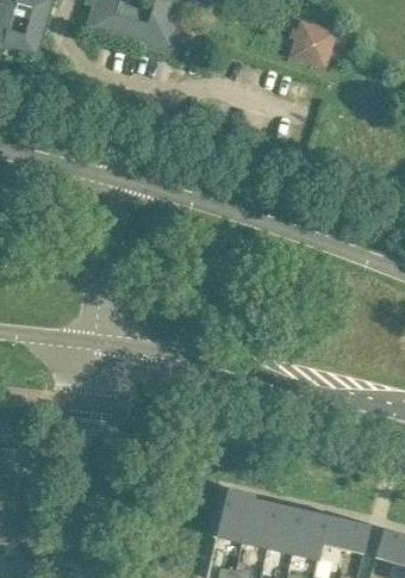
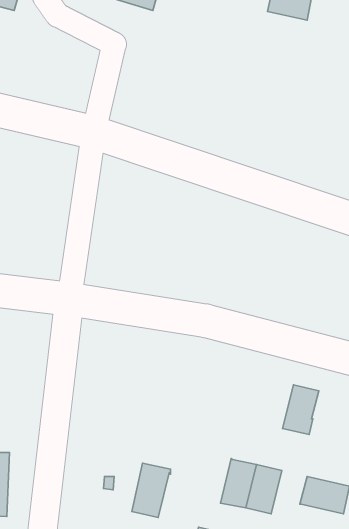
building: [213,487,251,541] -> [132,463,170,518]
building: [289,509,325,558] -> [283,385,319,434]

